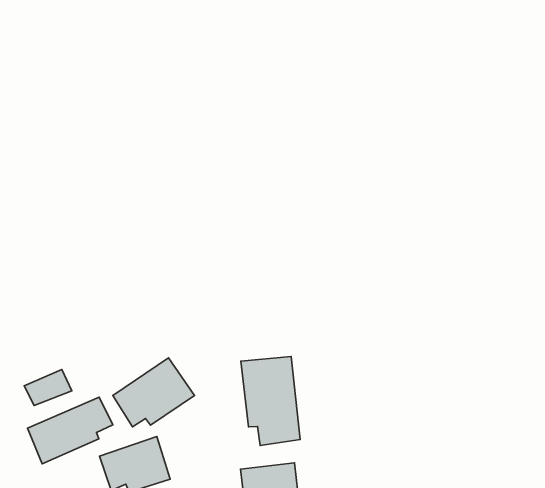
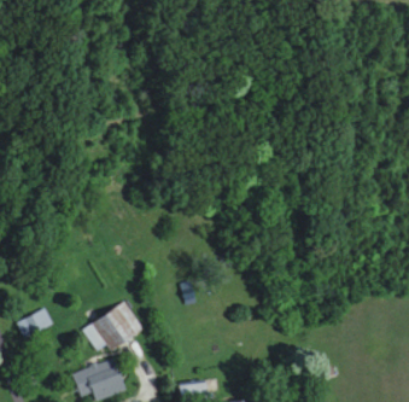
building: [241,356,300,445] -> none
building: [28,397,113,464] -> none

